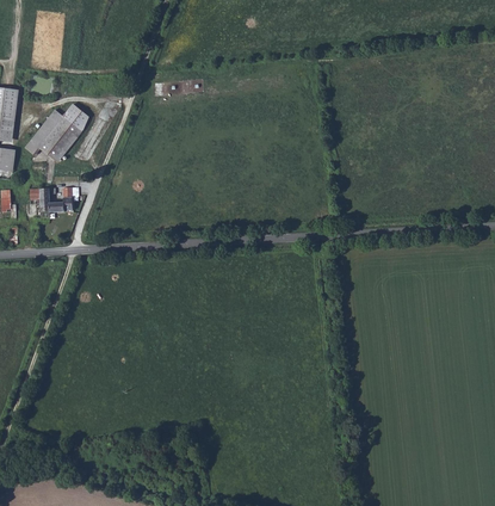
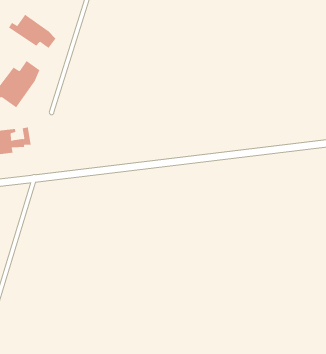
building: none -> [8,14,56,49]

